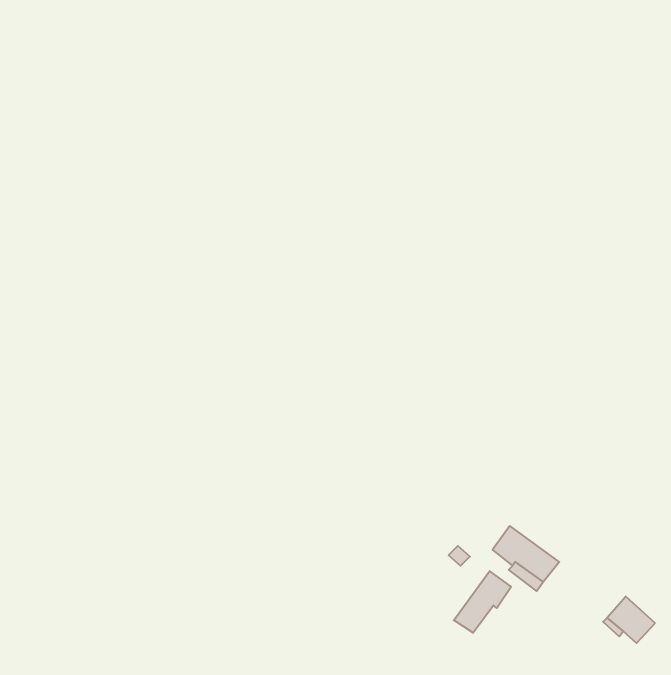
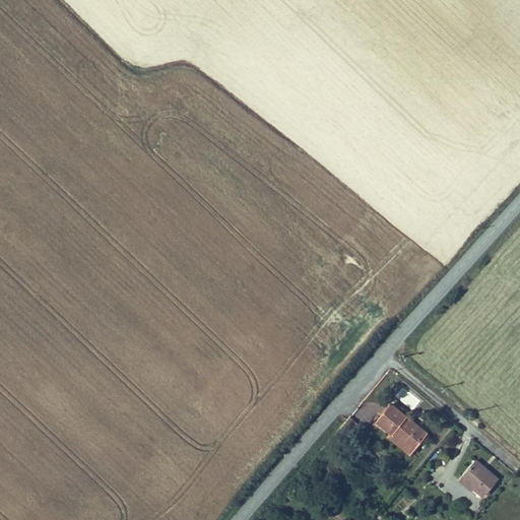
building: [454,571,511,633] -> none

